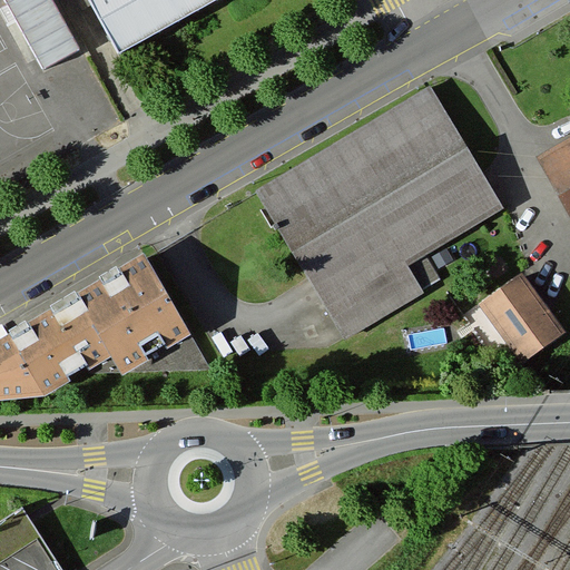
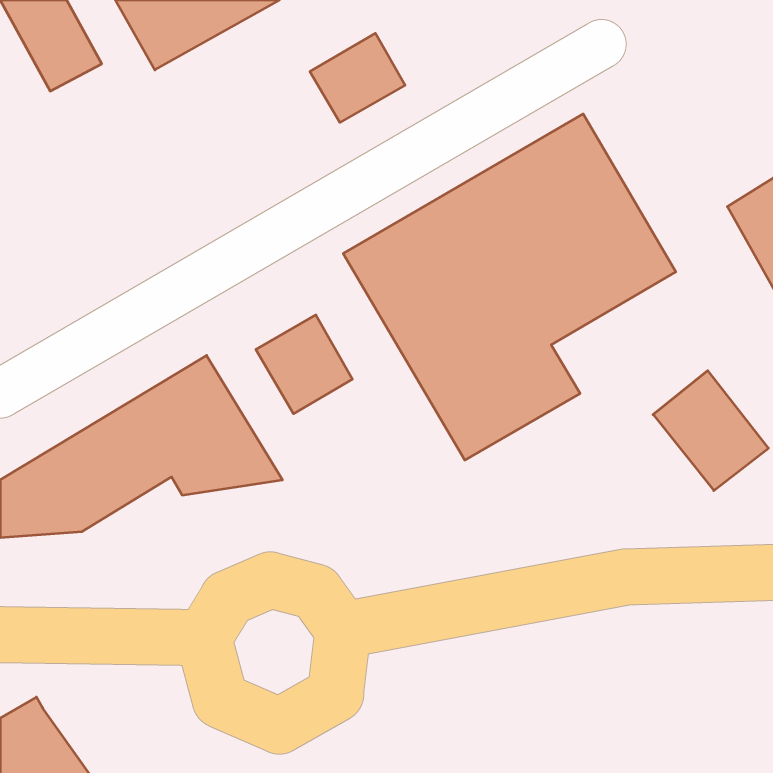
building: none -> [310,33,405,122]
building: none -> [256,315,352,414]

